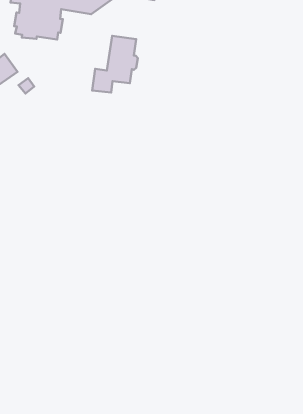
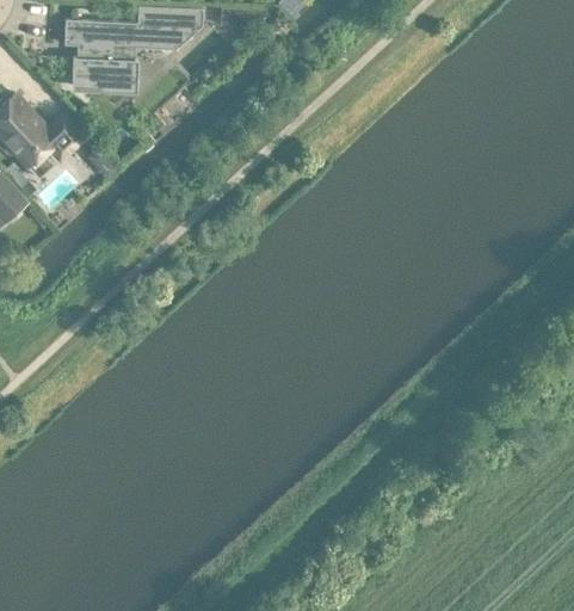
building: [92,36,138,92] -> none

